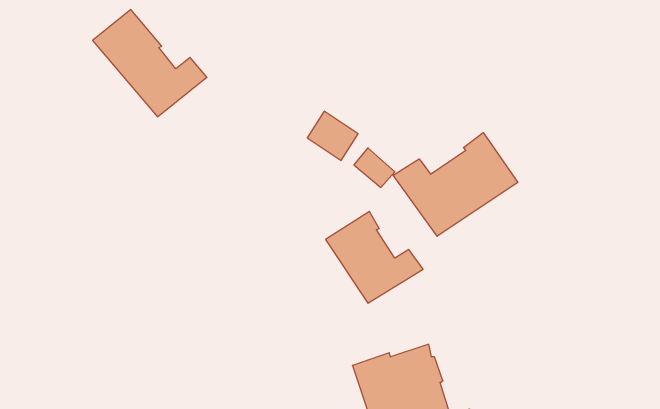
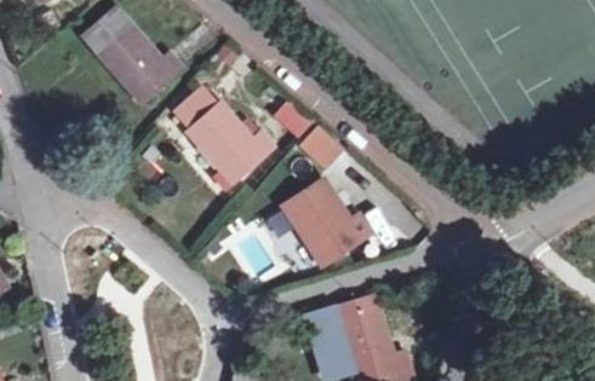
building: none -> [172,87,271,180]
building: [393,133,518,236] -> none

